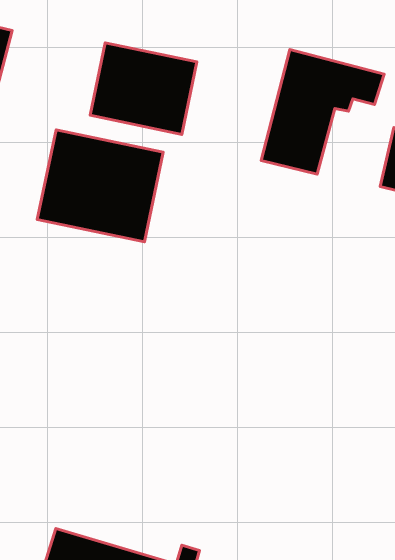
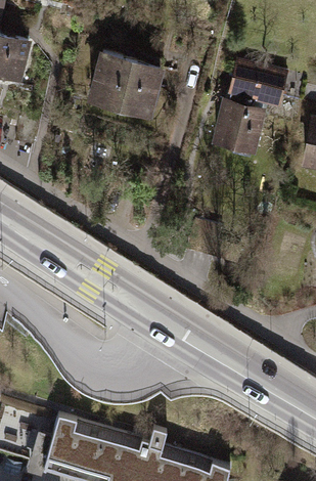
building: [37,130,163,242] -> none

